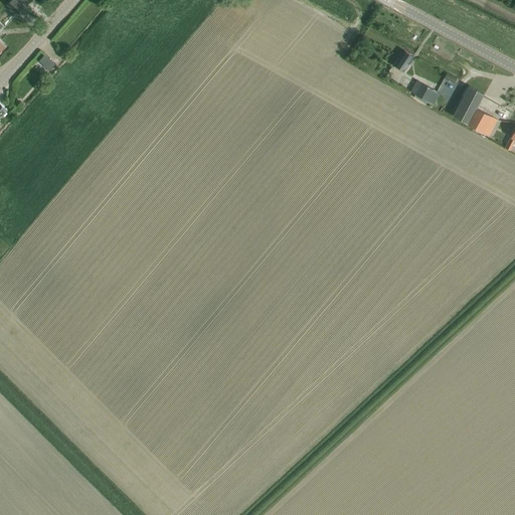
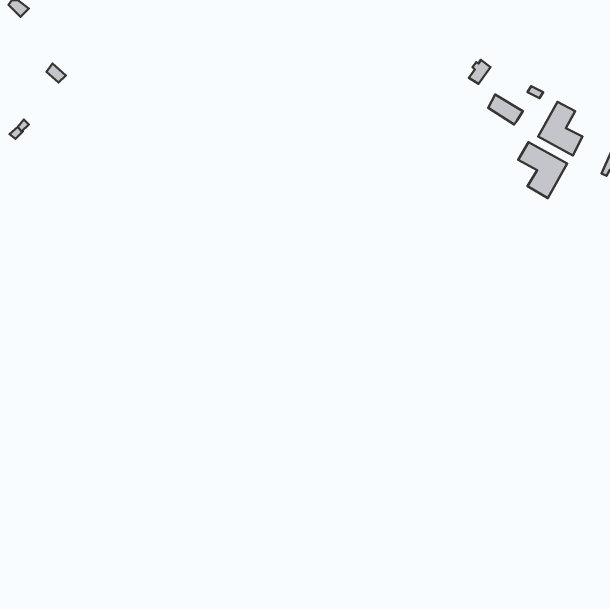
building: none -> [518,142,567,198]

